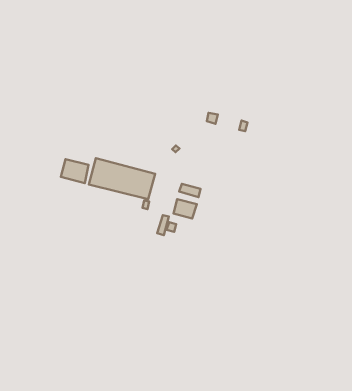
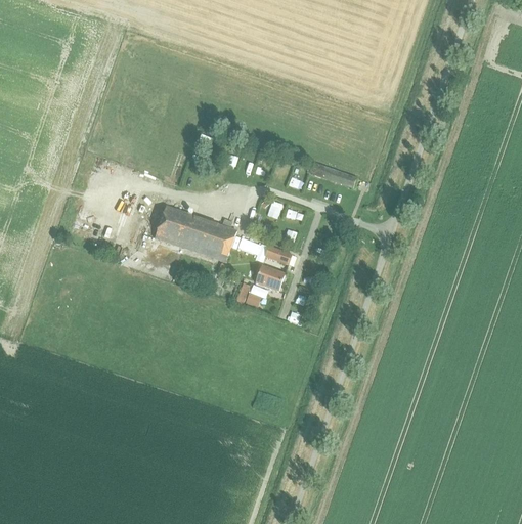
building: [61,159,89,183] -> none

